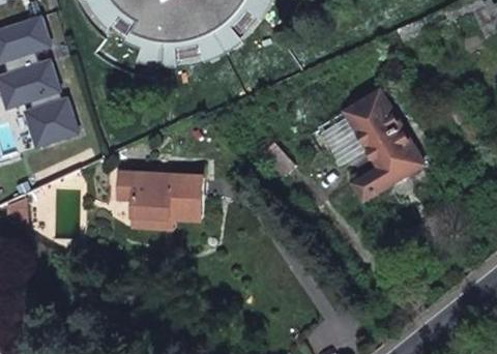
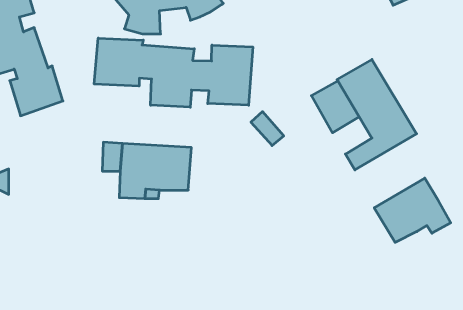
building: none -> [94,38,253,107]
building: none -> [374,178,451,242]

